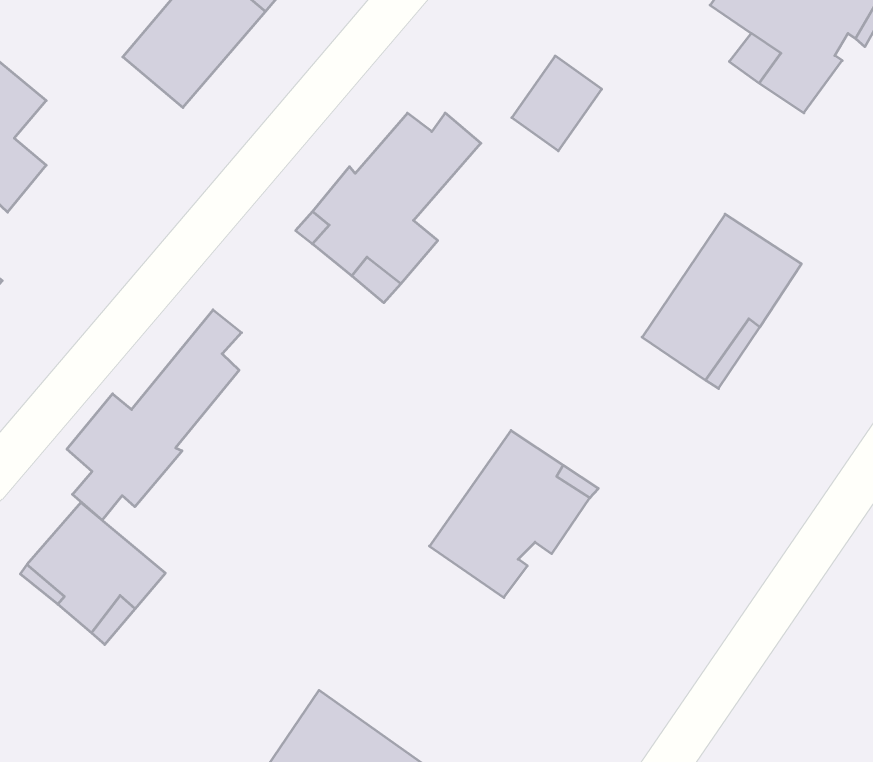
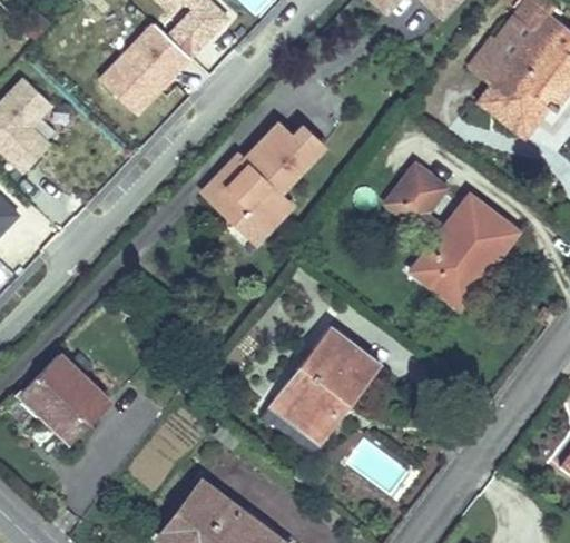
building: [512,56,602,151] -> [389,164,445,223]
building: [67,310,242,520] -> none
building: none -> [267,393,351,444]

